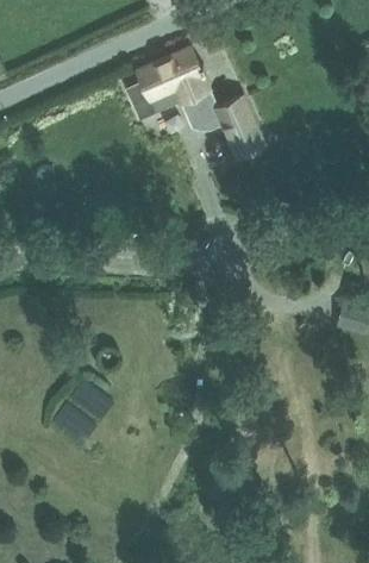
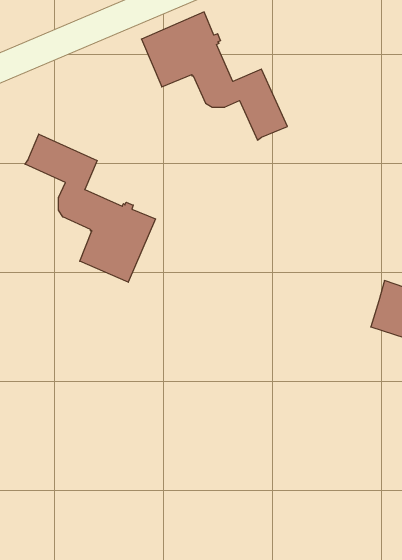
building: none -> [25,134,155,282]

